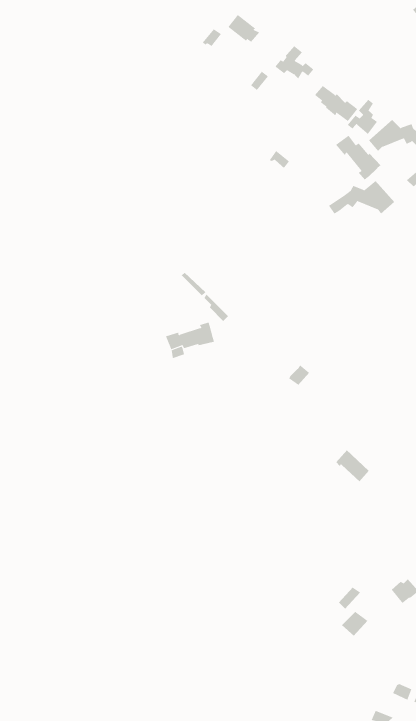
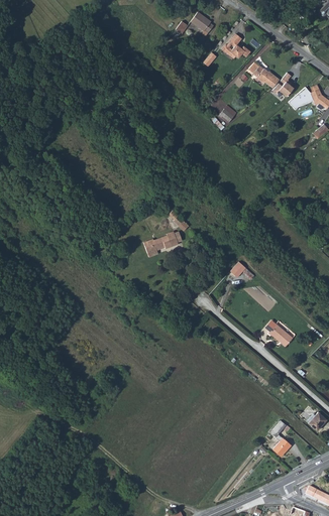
building: [335,135,382,180] -> none
building: [328,180,395,215] -> none

